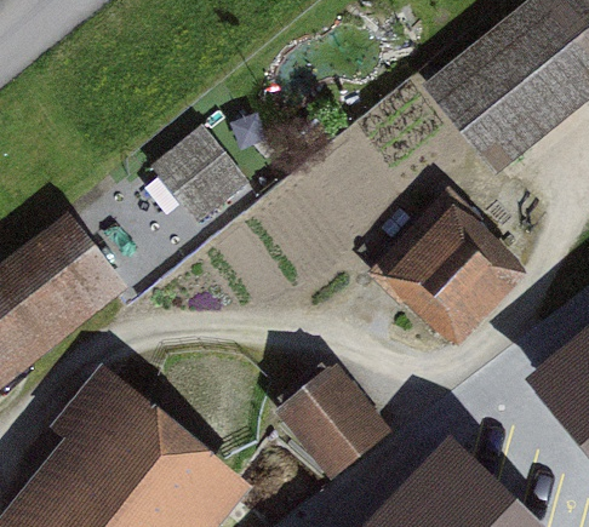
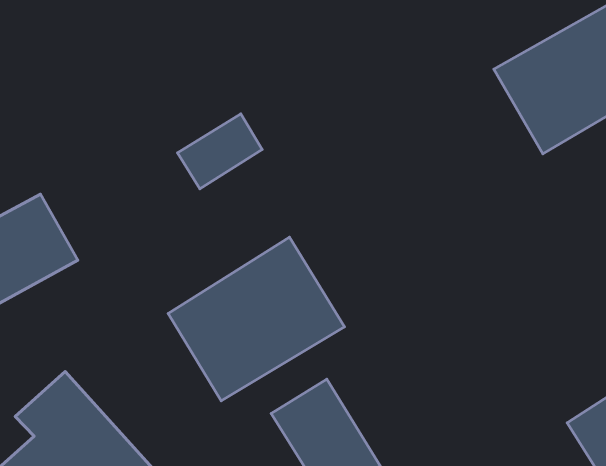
building: [377,196,494,314] -> none
building: none -> [168,237,344,401]

